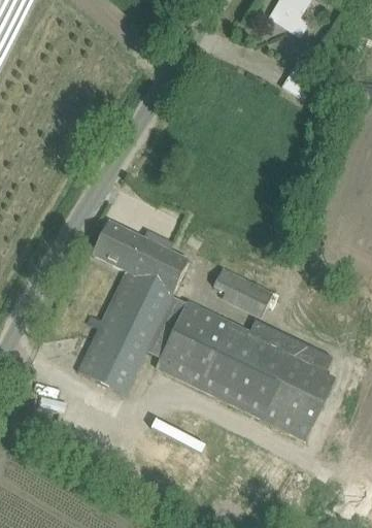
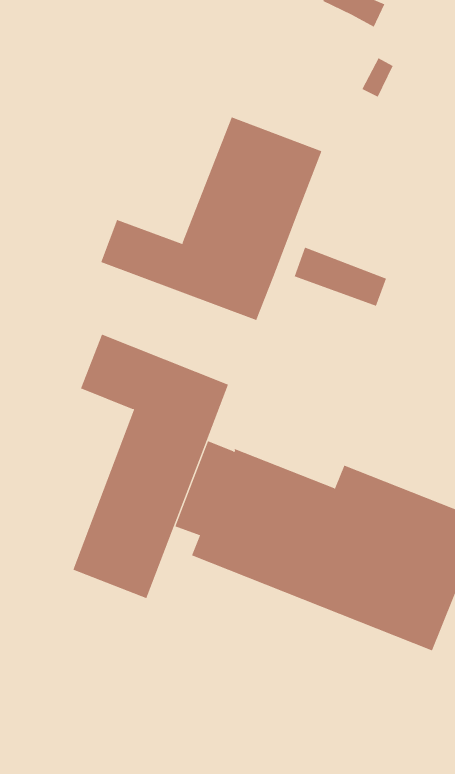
building: none -> [101,117,322,321]
building: [213,267,273,309] -> [294,247,387,307]

